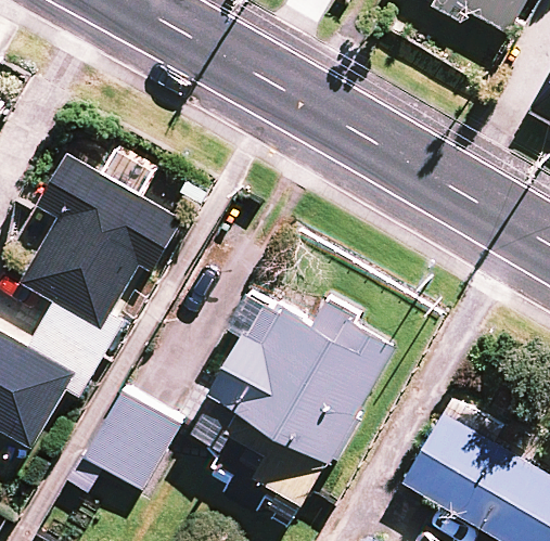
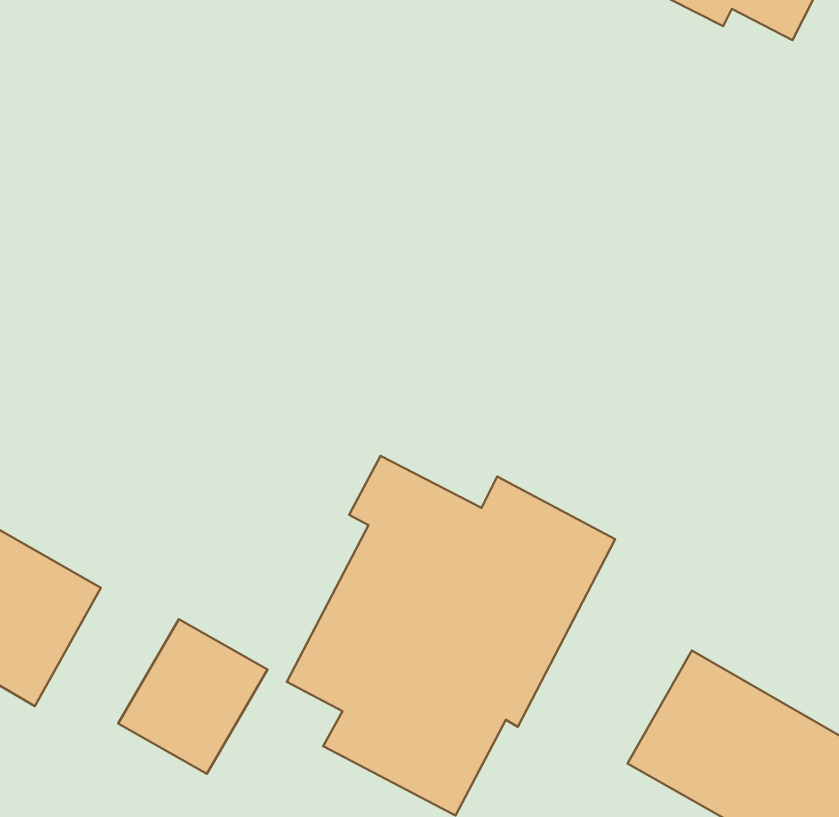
building: [23,152,181,326] -> none

